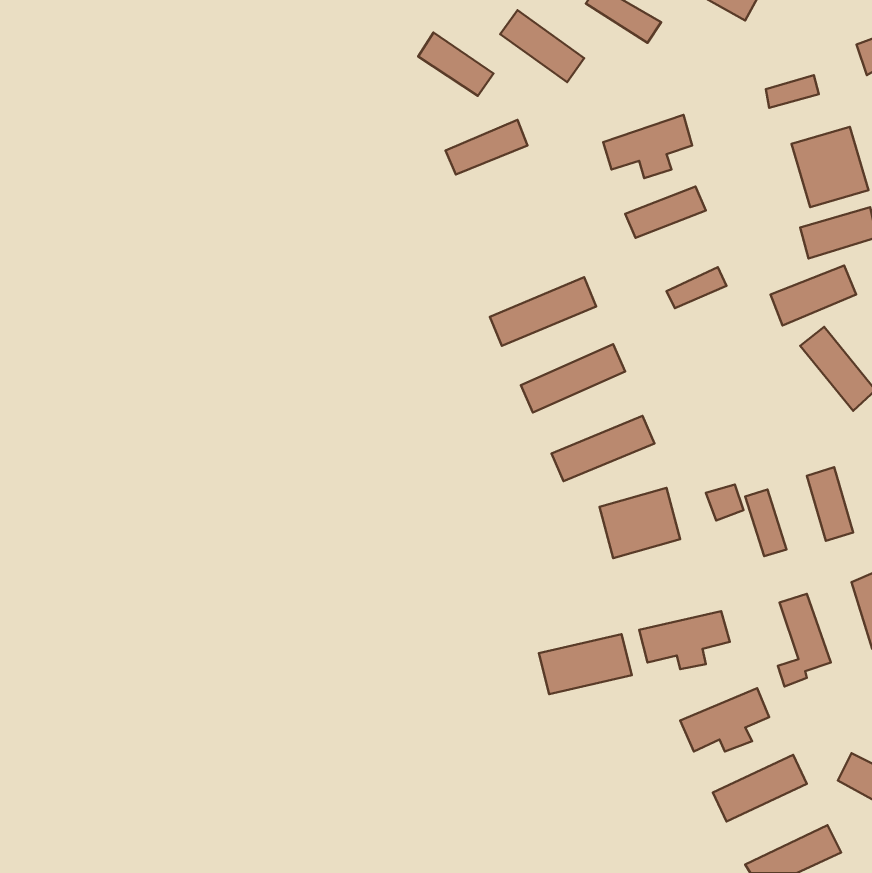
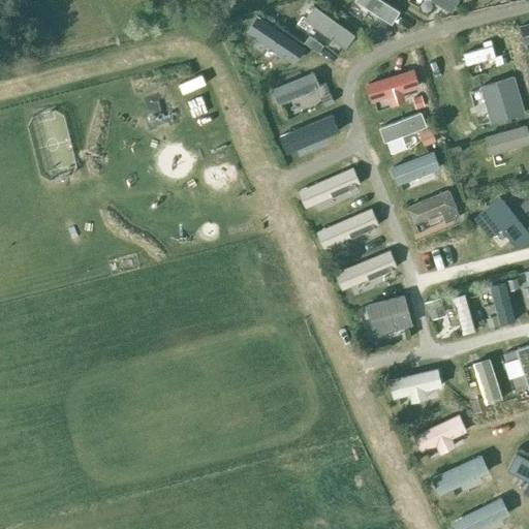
building: none -> [287,117,339,150]
building: [770,265,856,325] -> [406,190,458,226]
building: [539,634,632,694] -> none

